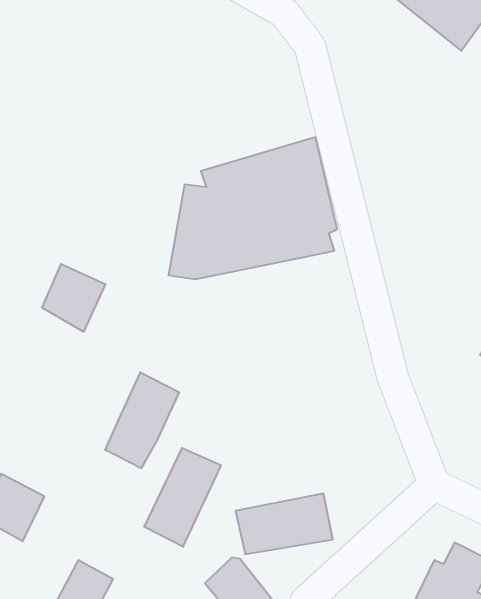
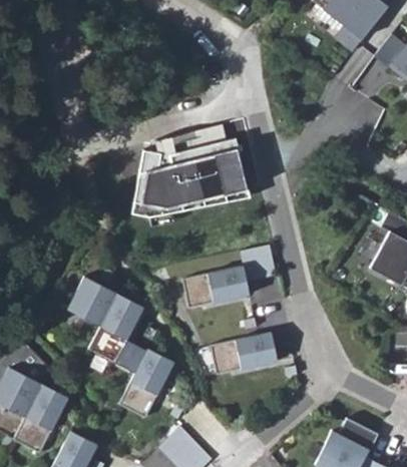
building: [42,264,105,332] -> [66,276,113,326]
building: none -> [183,245,278,312]
building: [236,493,333,554] -> [210,332,282,377]
building: none -> [14,383,68,452]

